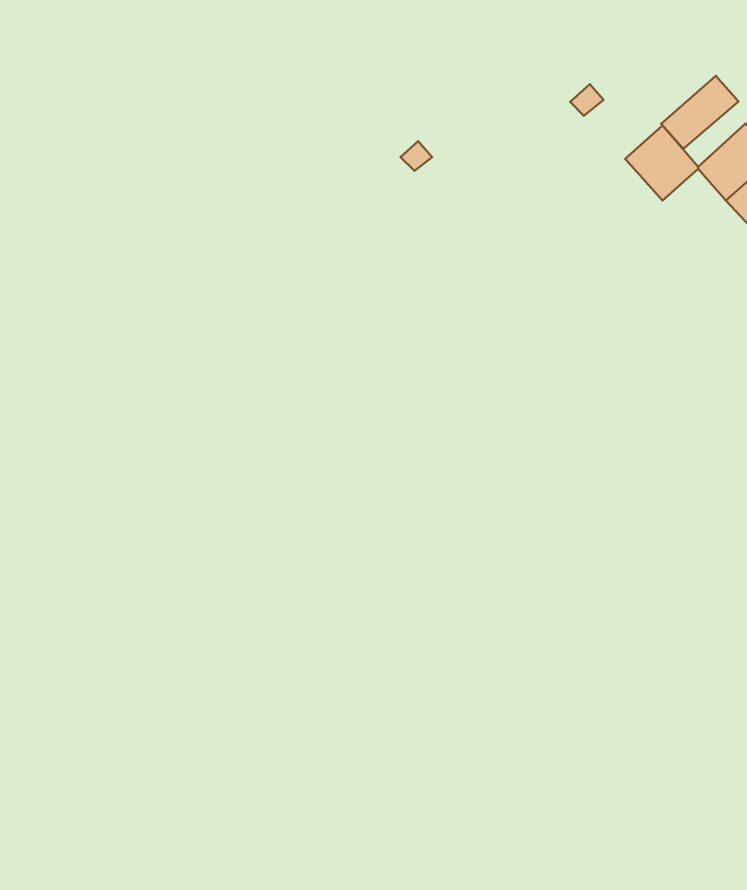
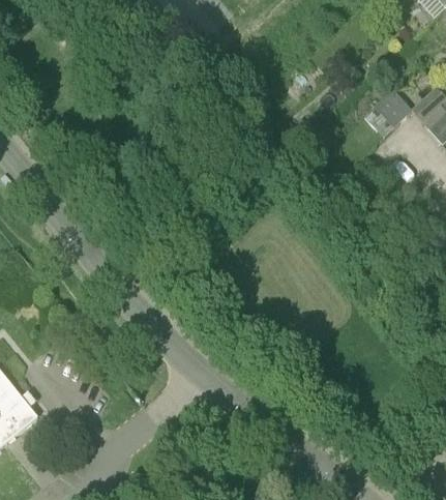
building: [661,76,738,148] -> none

